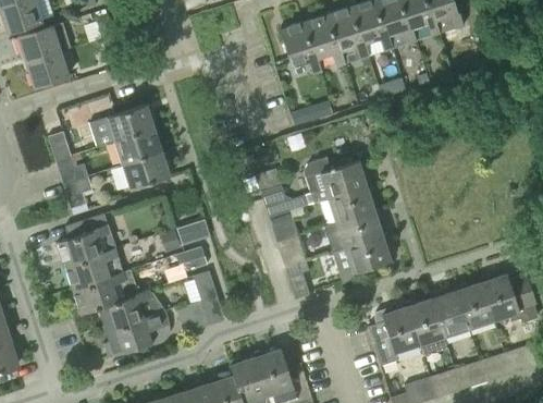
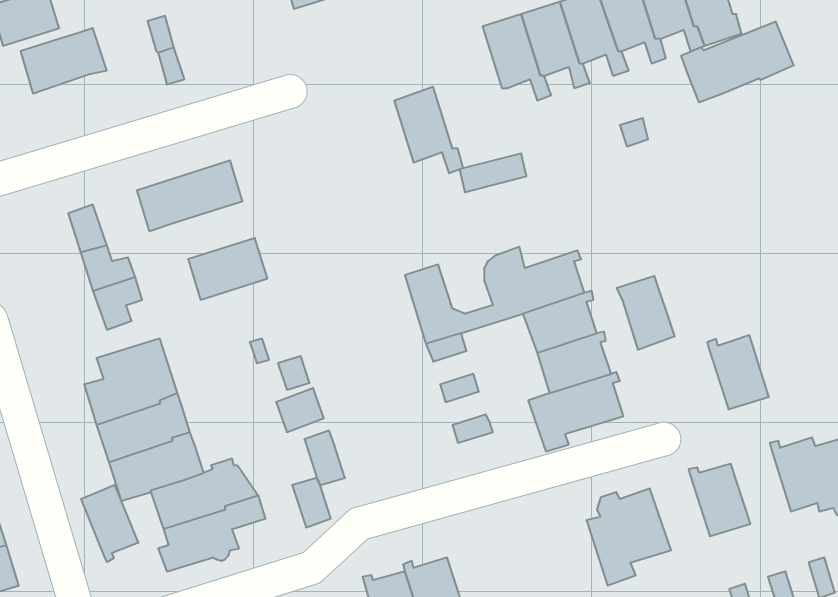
building: none -> [681,22,794,102]
building: [280,22,322,75] -> [394,87,463,173]
building: [26,51,70,88] -> none
building: [114,130,163,166] -> none
building: none -> [617,276,675,350]
building: [456,283,494,329] -> [707,335,769,409]
building: [406,300,444,345] -> none
building: none -> [81,485,138,562]

